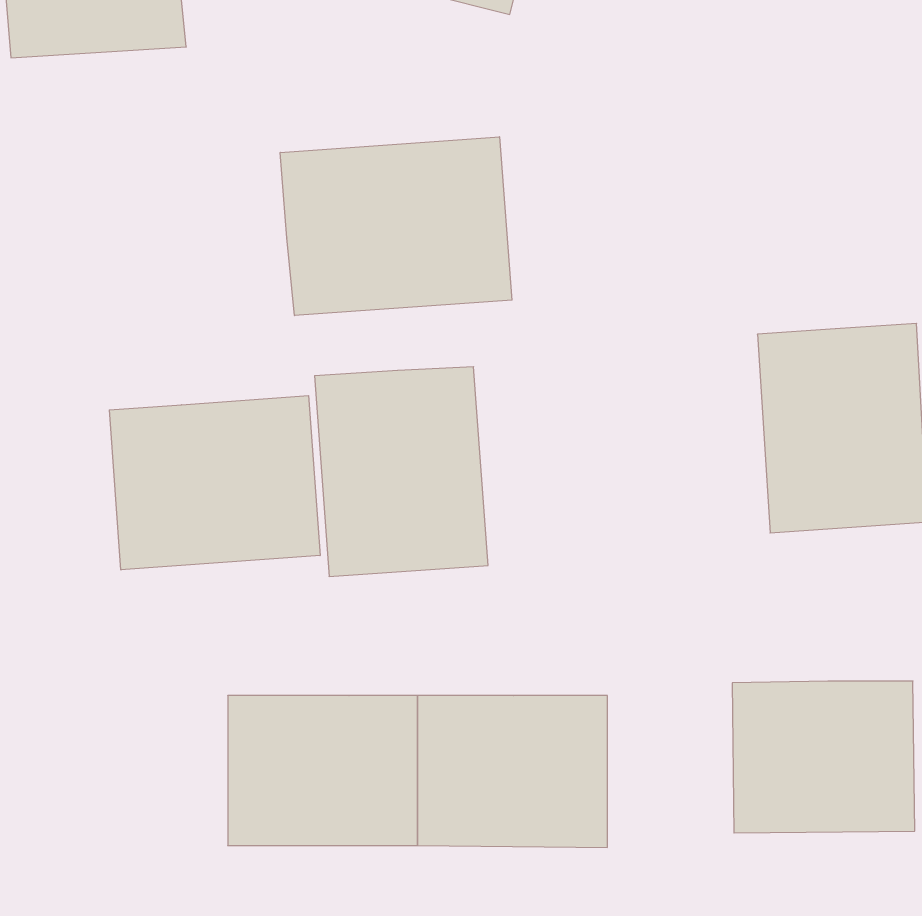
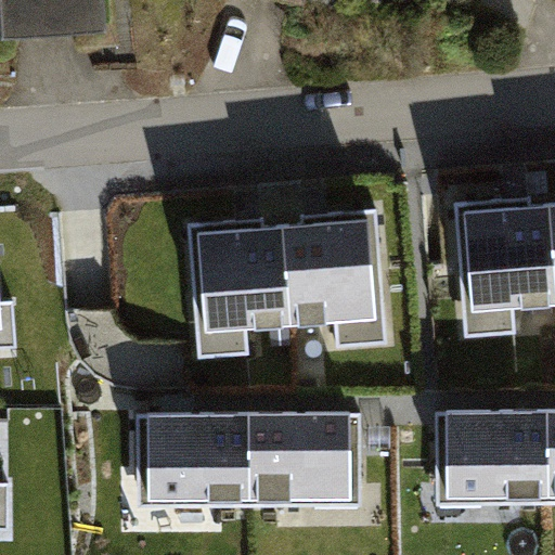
building: [280,137,512,316] -> none
building: none -> [285,214,389,339]
building: [109,396,320,570] -> none

